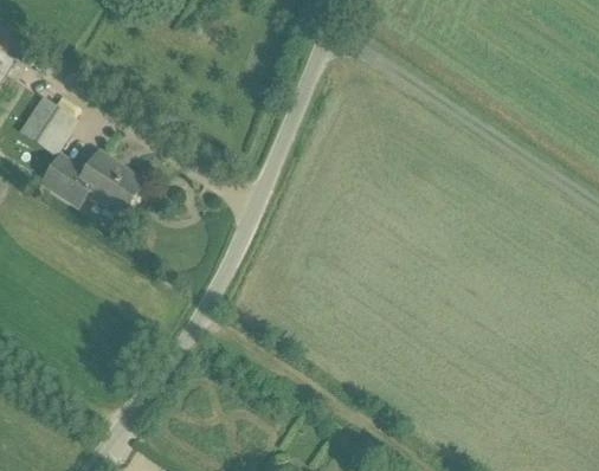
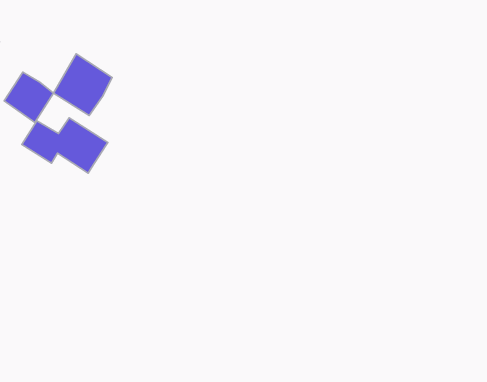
building: none -> [54,54,112,116]

